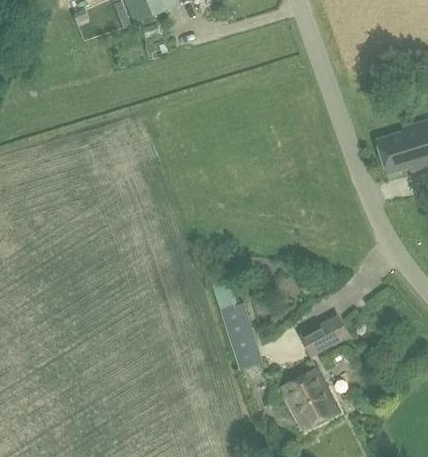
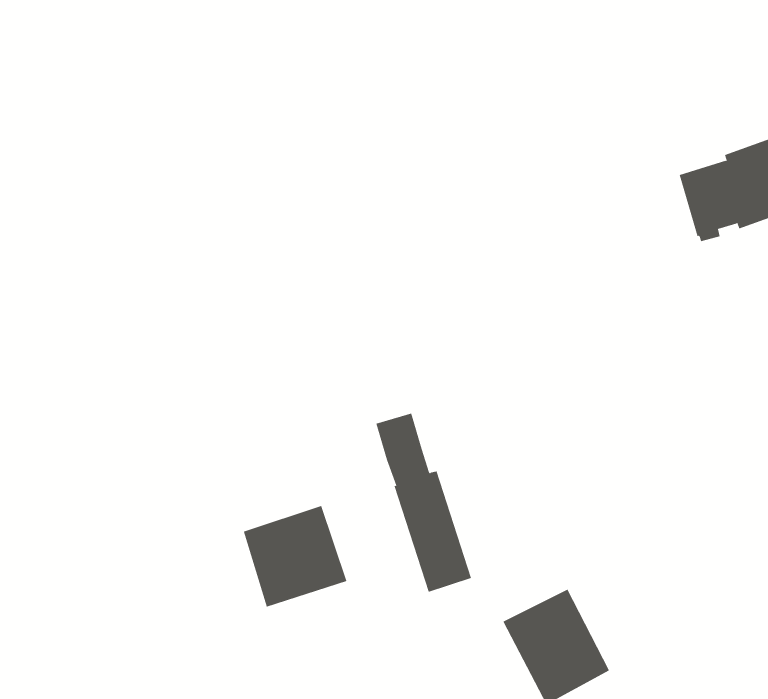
building: [300,315,349,356] -> none
building: none -> [243,505,347,608]

